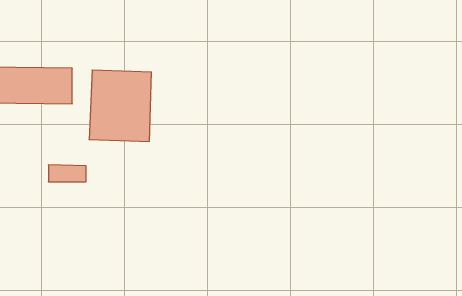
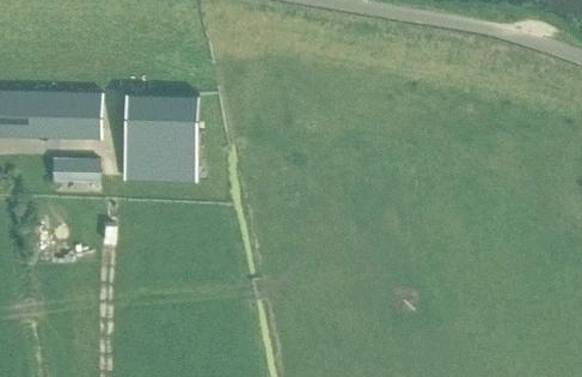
building: [48,165,86,182] -> [54,163,99,183]

